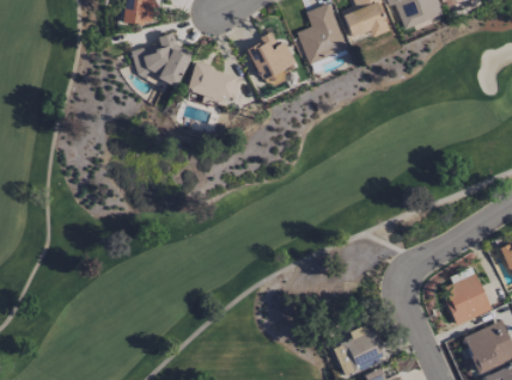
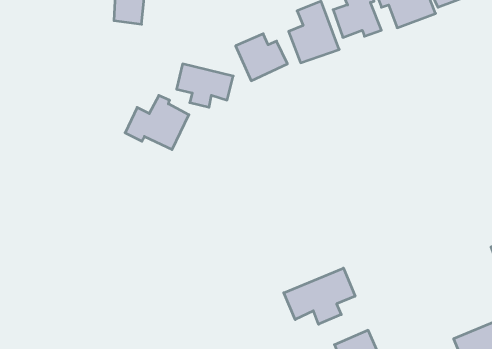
building: [130,33,194,87] -> [125,95,189,150]
building: none -> [284,268,355,324]
building: [440,274,492,325] -> none

